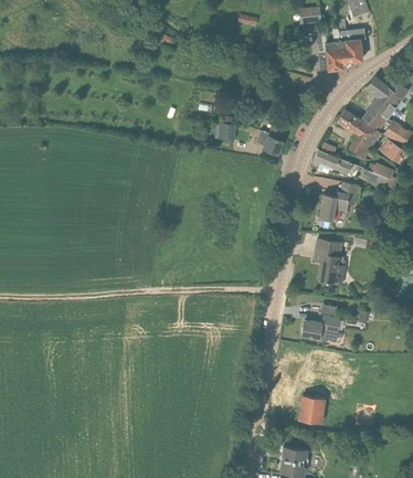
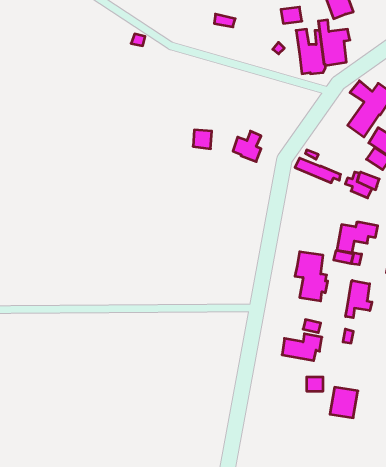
building: [336,109,379,159] -> none
building: [318,192,357,221] -> [337,222,378,253]
building: none -> [346,280,372,318]
building: [298,395,325,424] -> [330,387,358,418]

